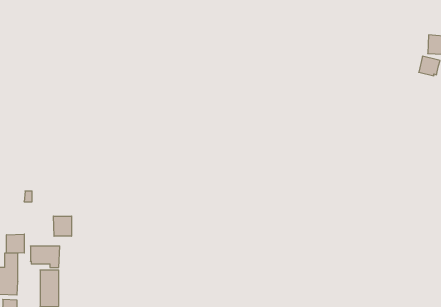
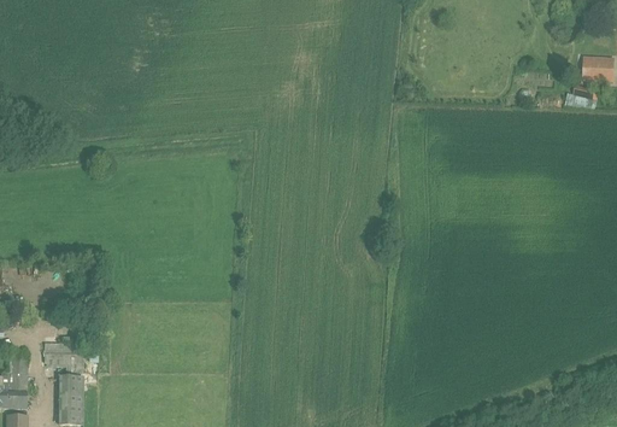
building: [53,216,72,236] -> none
building: [7,234,24,253] -> none

